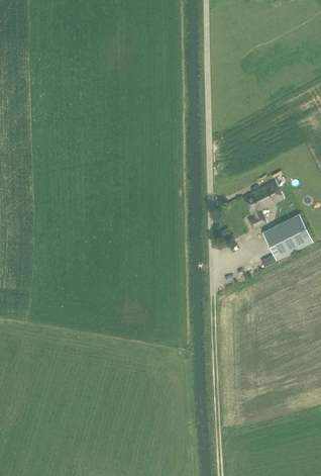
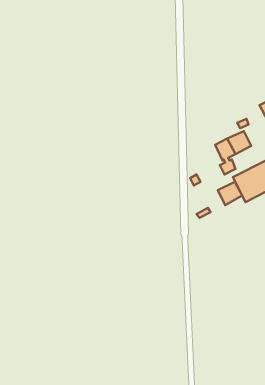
building: none -> [218,182,242,205]

